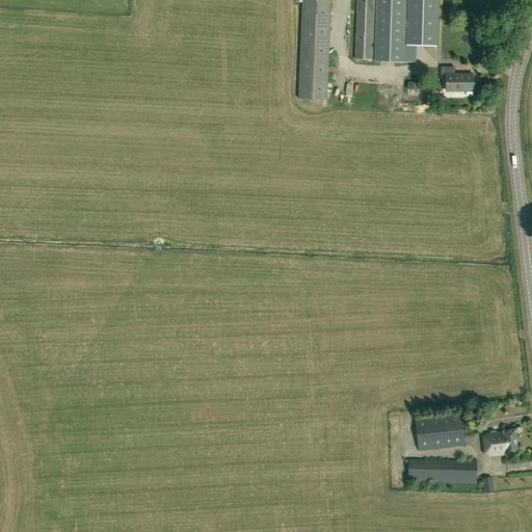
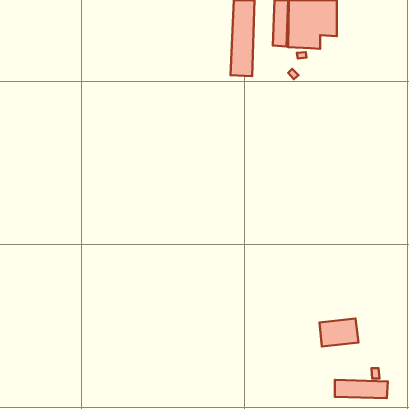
building: [442,68,473,91] -> none
building: [486,429,517,455] -> none
building: [408,459,477,483] -> [335,380,388,398]

